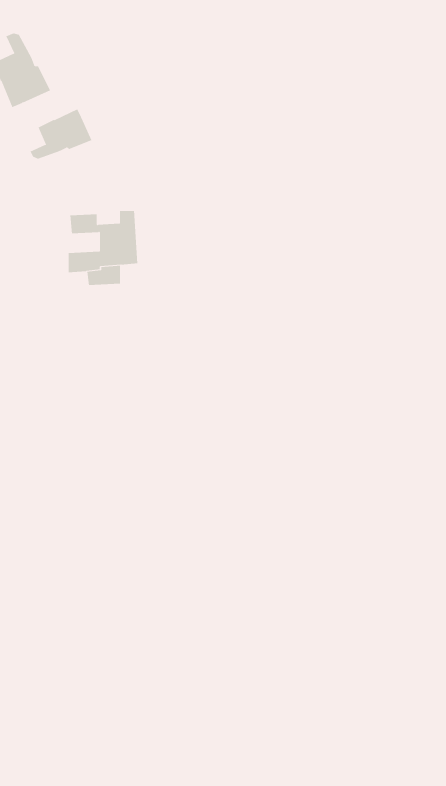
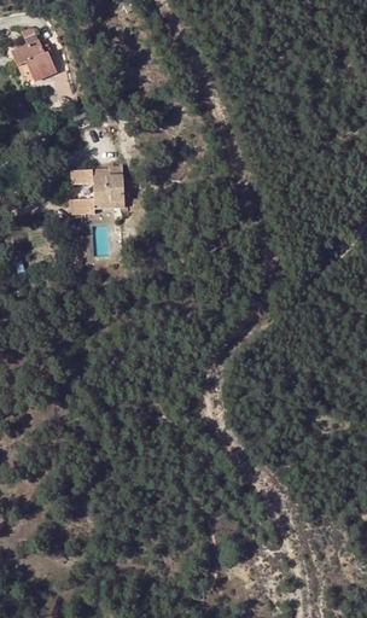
building: [30,108,92,160] -> none

